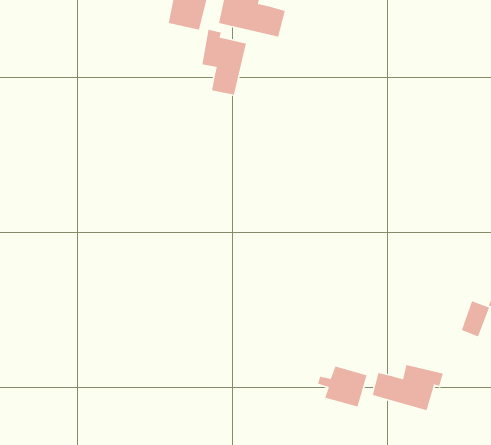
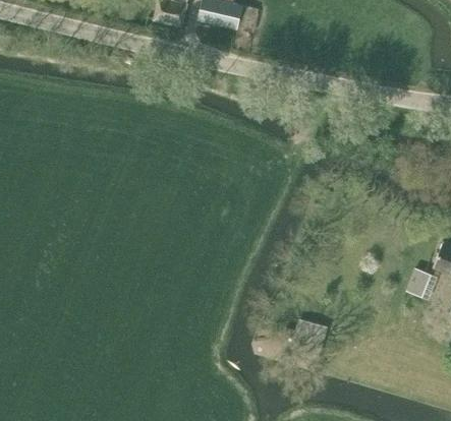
building: [202,29,247,96] -> none
building: [372,364,444,411] -> none

